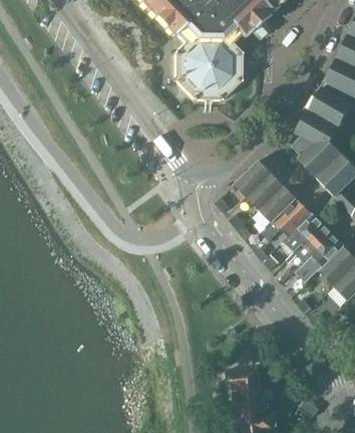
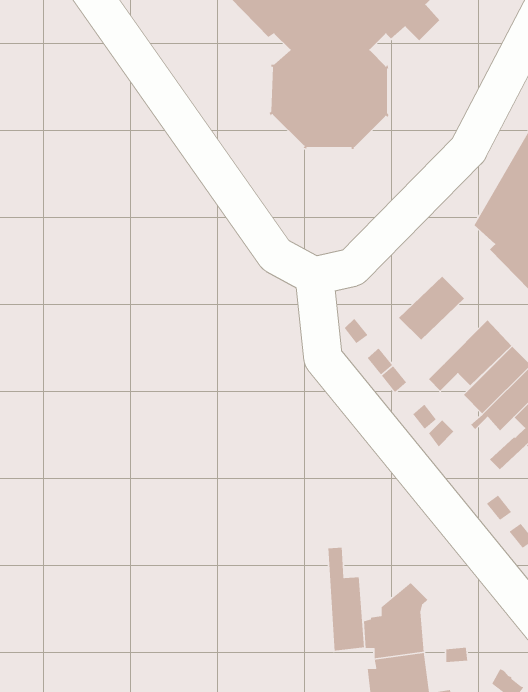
building: [233,159,270,196] -> none
building: [258,185,296,222] -> none
building: none -> [327,547,365,651]

